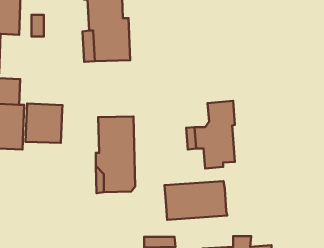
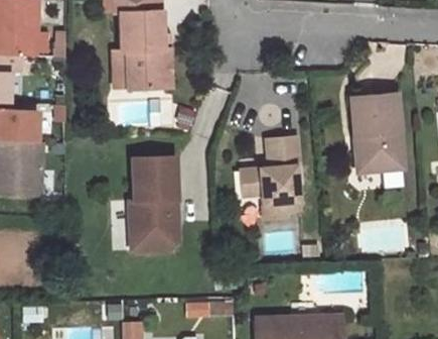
building: none -> [348,93,401,172]
building: [25,103,62,143] -> none
building: [165,181,227,220] -> none

